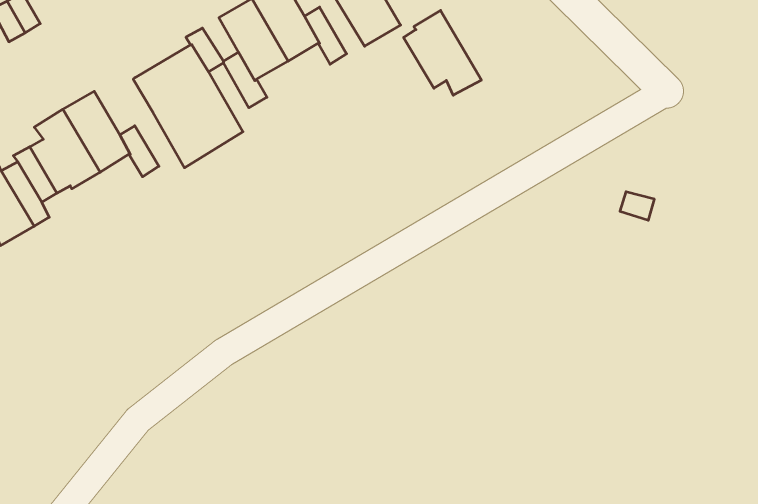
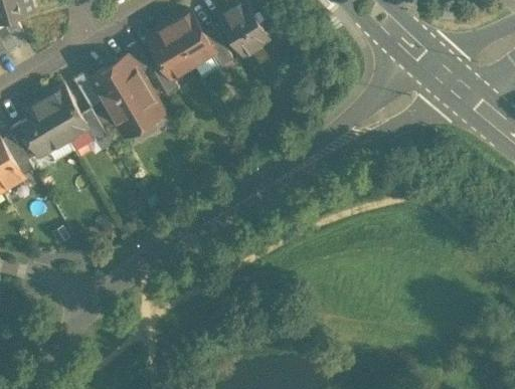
building: [404,10,481,95] -> none
building: none -> [74,72,104,109]

